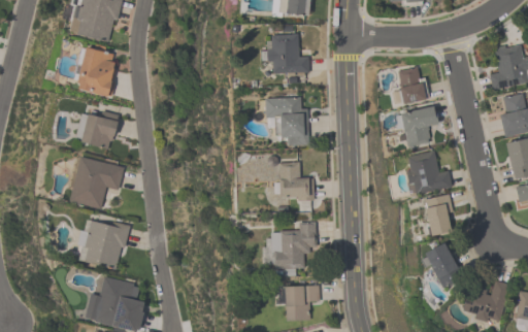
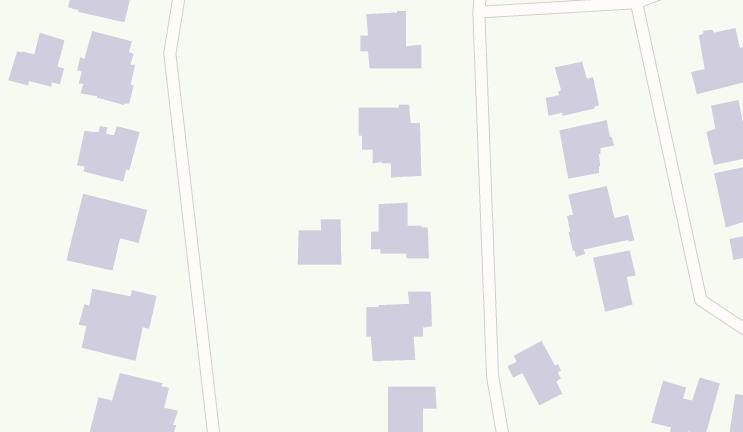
building: none -> [7,32,65,87]
building: none -> [297,218,342,266]
building: [420,242,458,287] -> [507,340,563,406]

